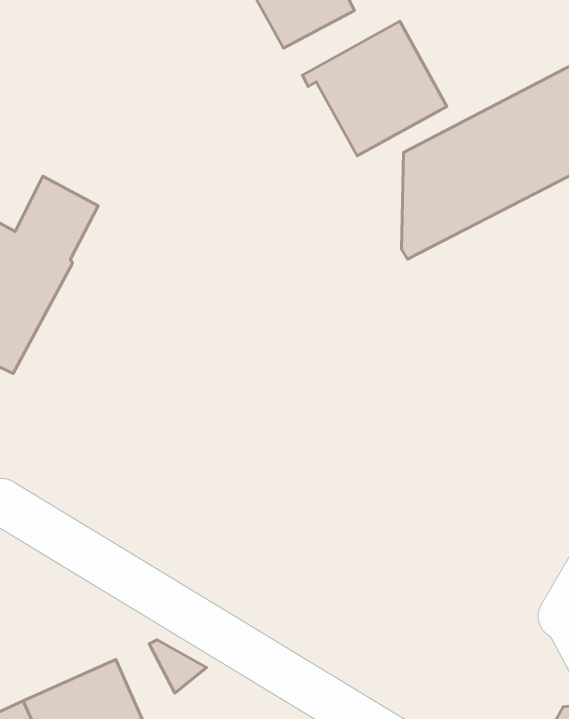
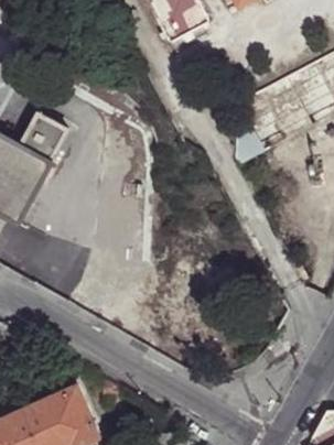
building: [302,21,447,156] -> none

